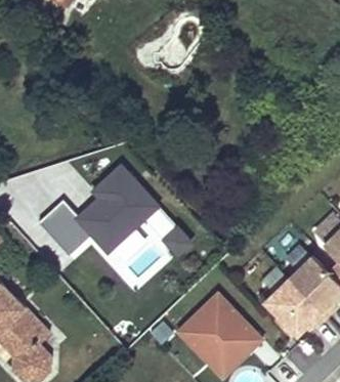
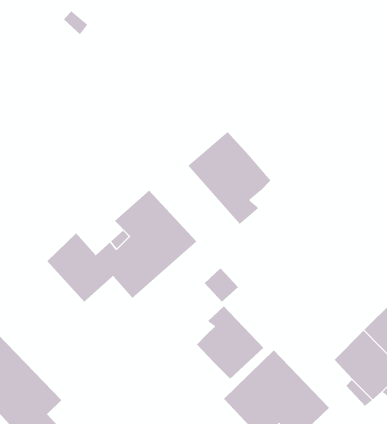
building: none -> [188,131,271,225]
building: none -> [196,306,264,380]

